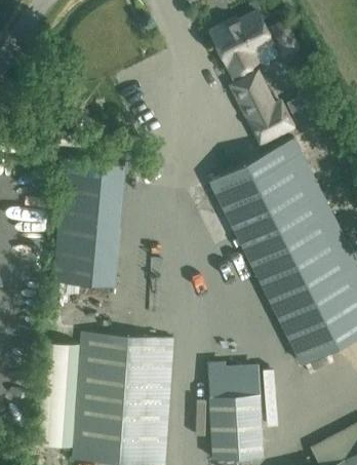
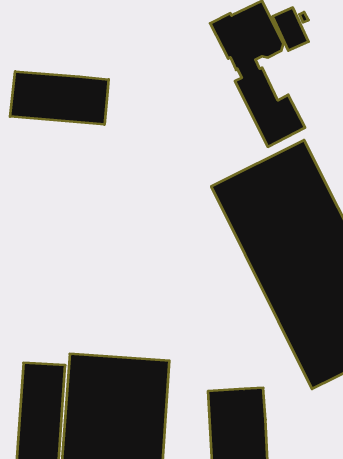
building: none -> [10,71,109,125]
building: [52,161,124,286] -> none

